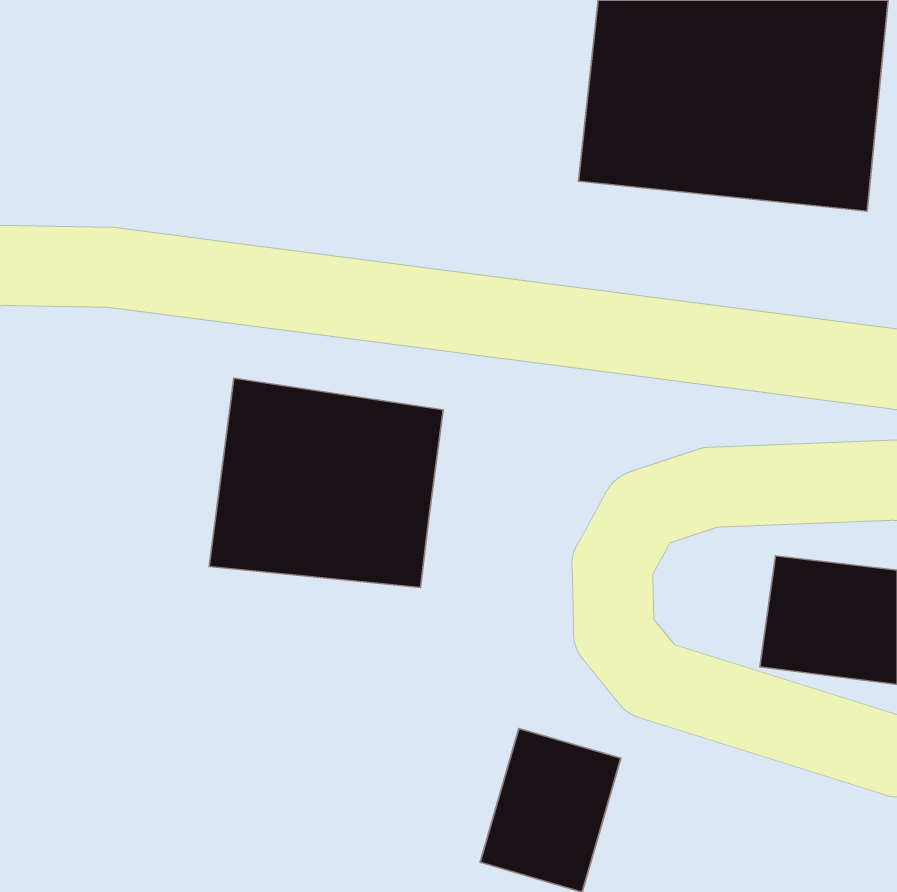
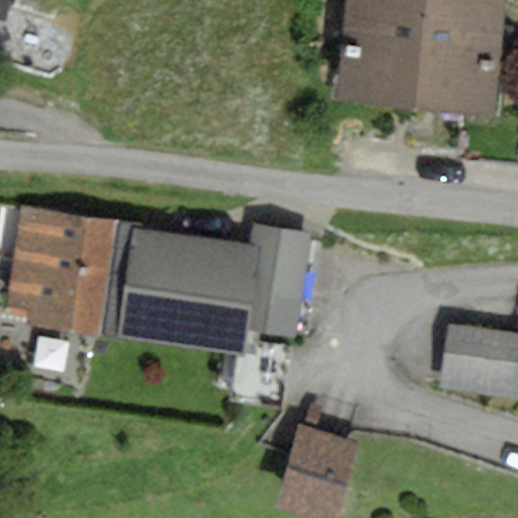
building: none -> [7,207,135,330]
building: none -> [247,225,311,308]

